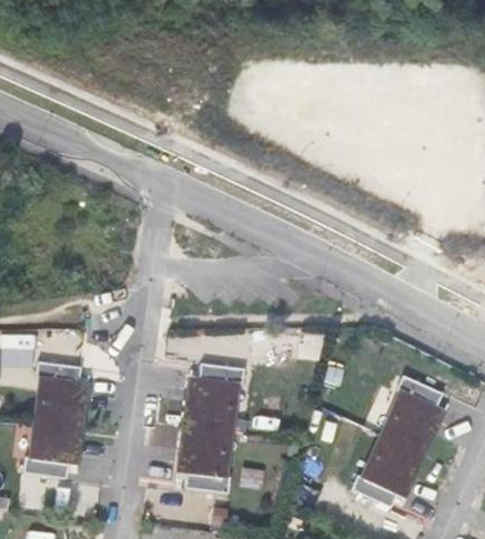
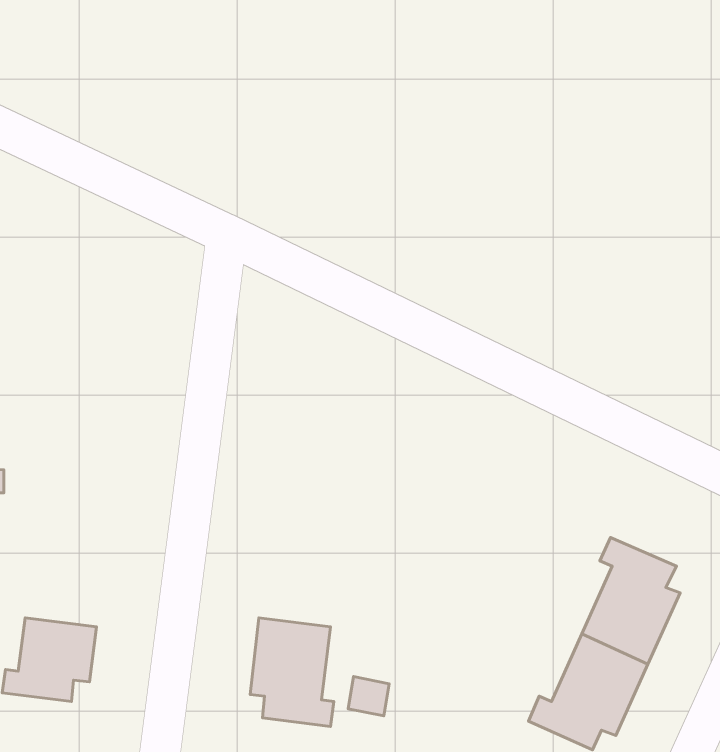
building: [36,363,89,431] -> none
building: [183,364,244,431] -> none

